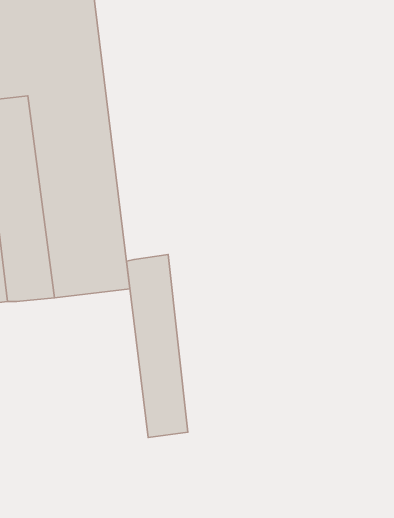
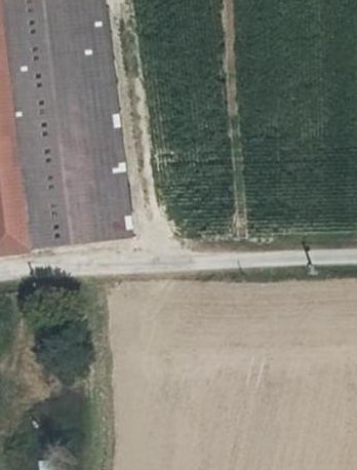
building: [126,254,188,437] -> none

